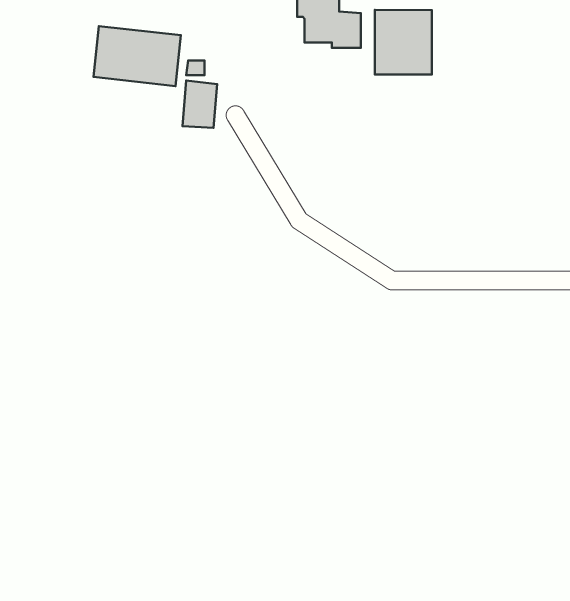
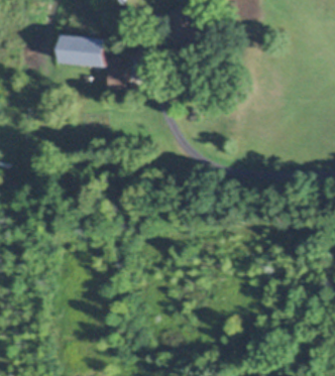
building: [375,10,432,75] -> none

